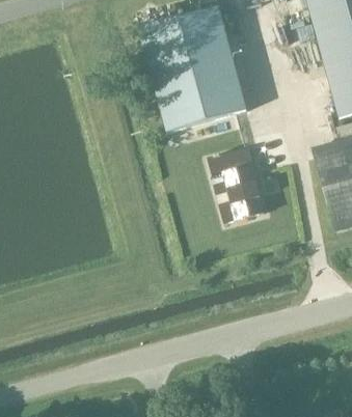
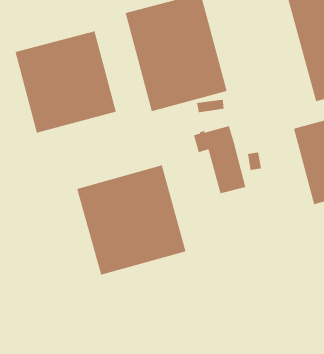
building: none -> [15,30,117,133]
building: none -> [77,165,186,276]

